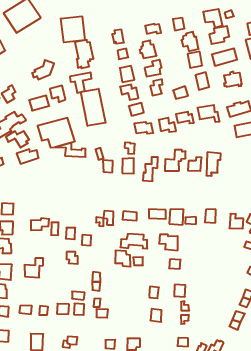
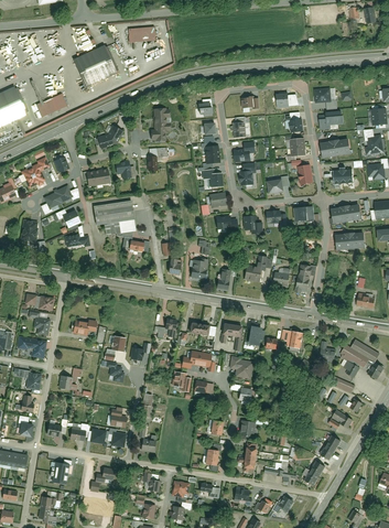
building: [61,16,85,42] -> none
building: [81,89,106,126] -> none

